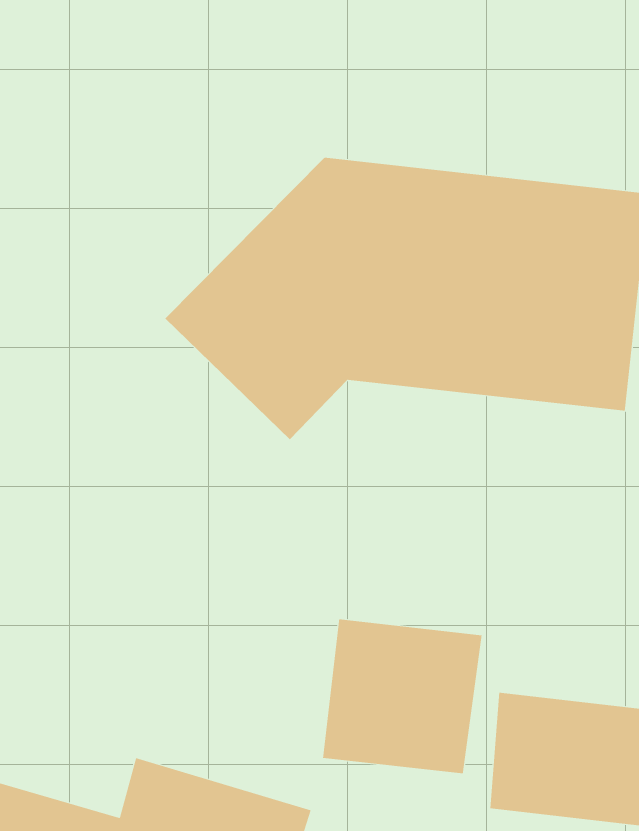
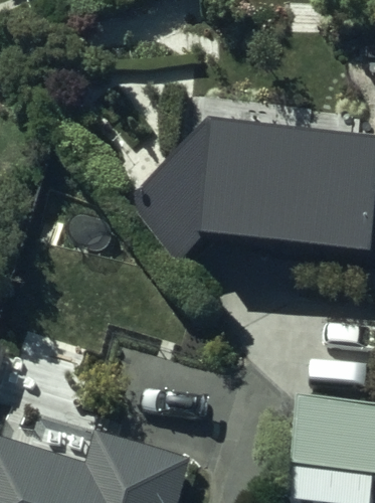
building: [322,619,482,774] -> none

